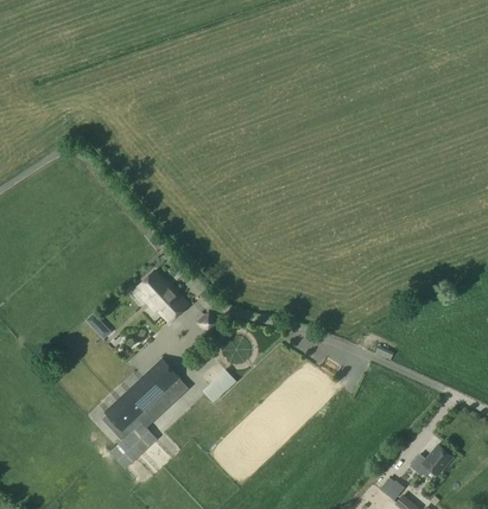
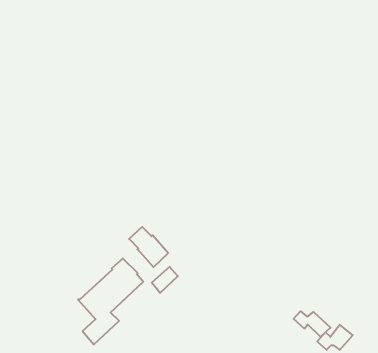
building: [138,272,188,323] -> [129,227,168,267]
building: none -> [294,311,331,337]

